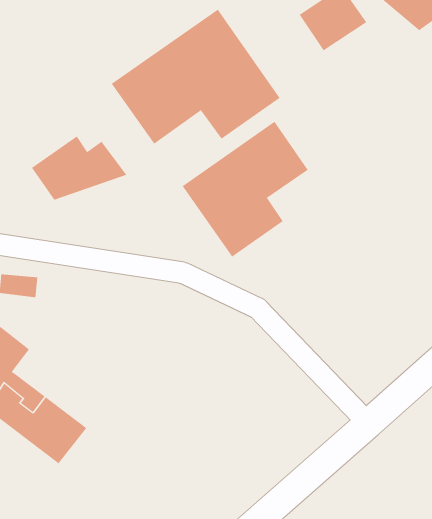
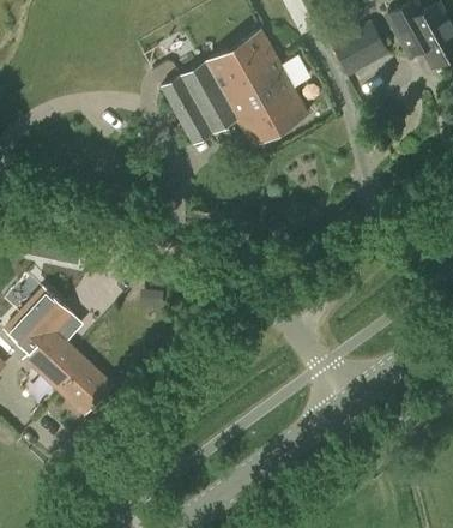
building: [182,121,309,257] -> none
building: [31,135,127,200] -> none

